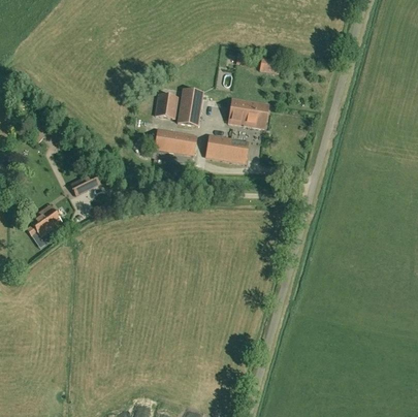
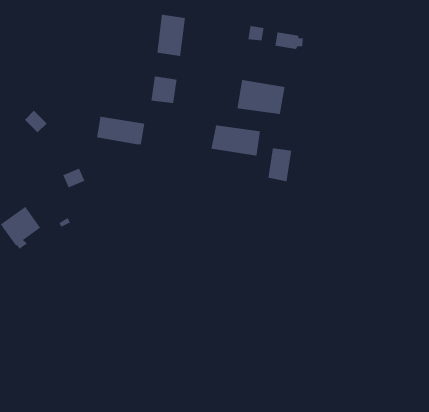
building: [178,90,202,126] -> [156,14,186,57]
building: [155,130,196,155] -> [96,116,145,145]
building: none -> [268,148,292,182]

